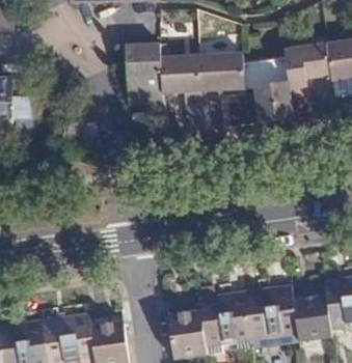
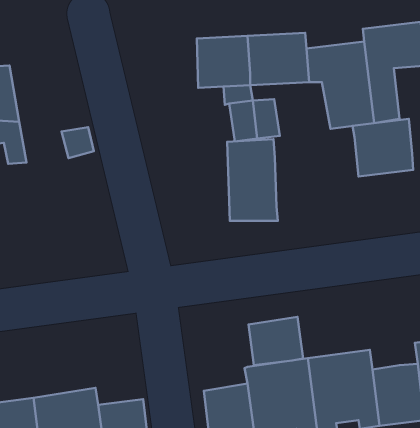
building: [128,43,165,103] -> [227,139,278,221]
building: none -> [353,119,413,176]
building: none -> [248,317,303,365]

